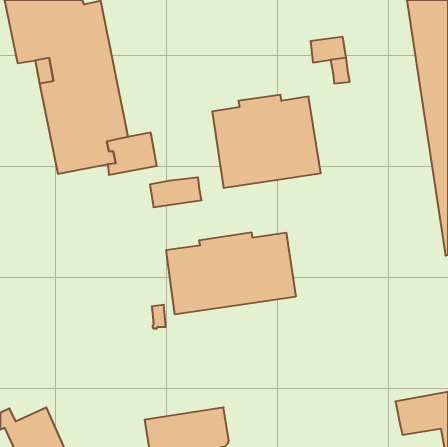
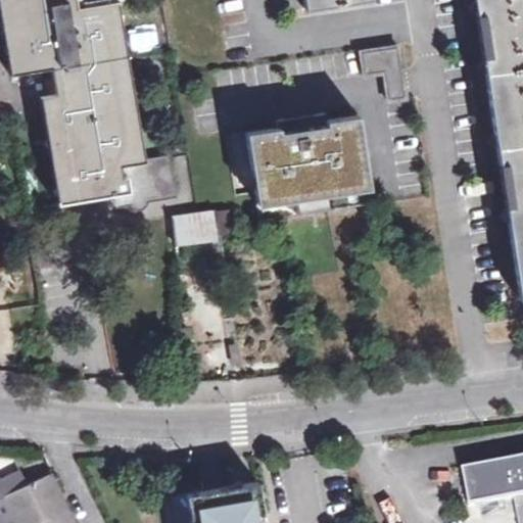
building: [166,232,296,314] -> none

